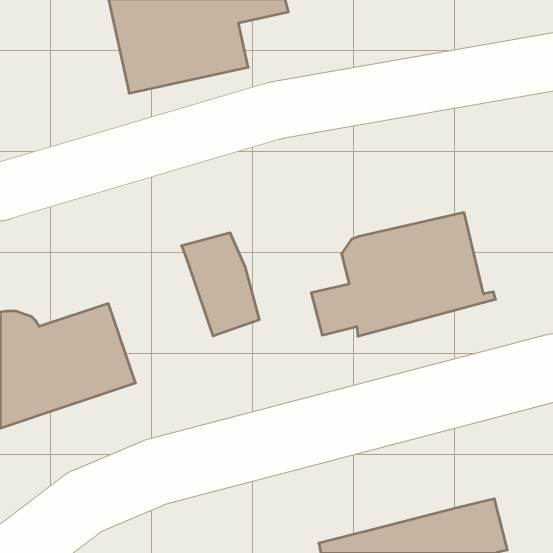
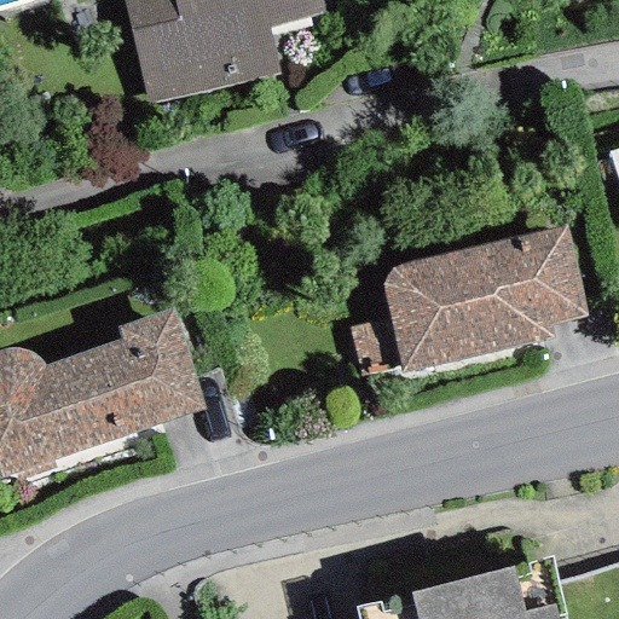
building: none -> [519,225,589,328]
building: [181,233,259,336] -> [117,312,204,427]

